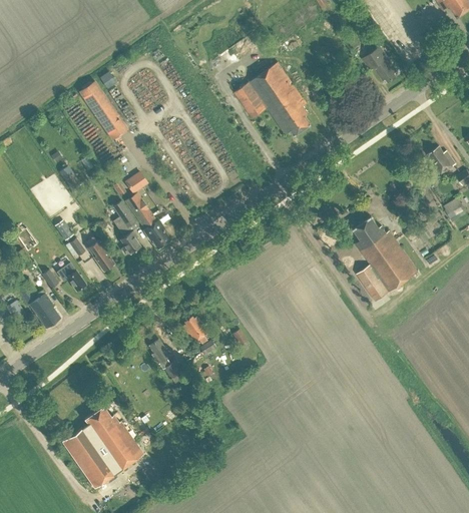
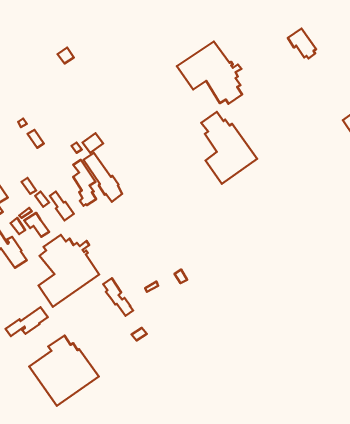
building: [79,82,127,140] -> none
building: [353,216,418,301] -> [201,112,257,184]
building: none -> [38,235,99,307]
building: [182,316,207,344] -> none
building: none -> [6,307,48,336]

